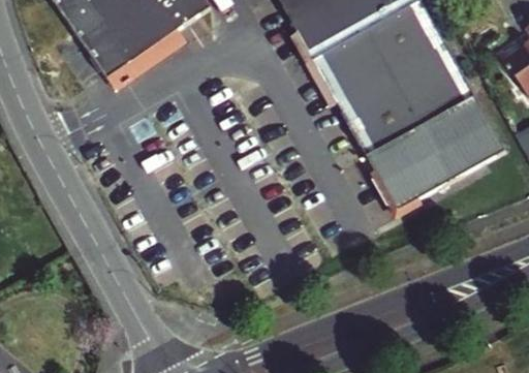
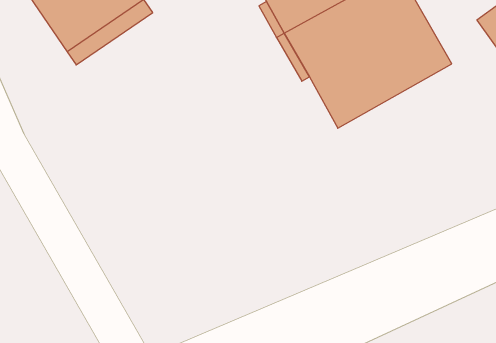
building: [364,90,501,207] -> none

